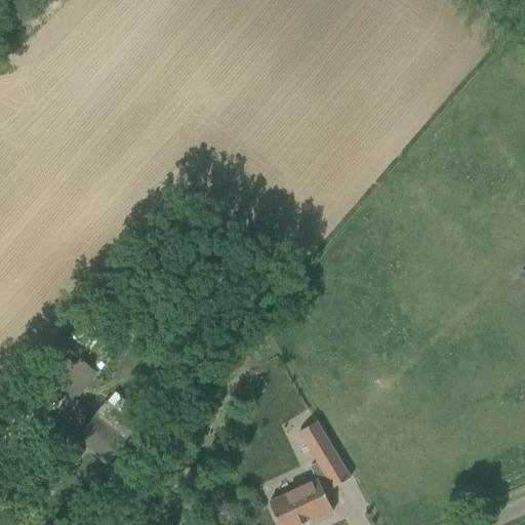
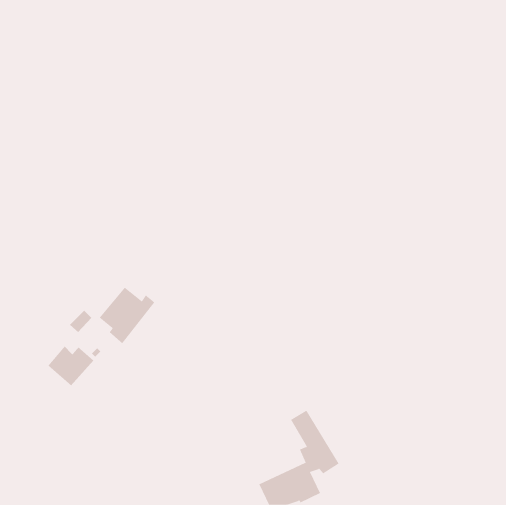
building: [81,402,139,461] -> [99,287,155,344]

